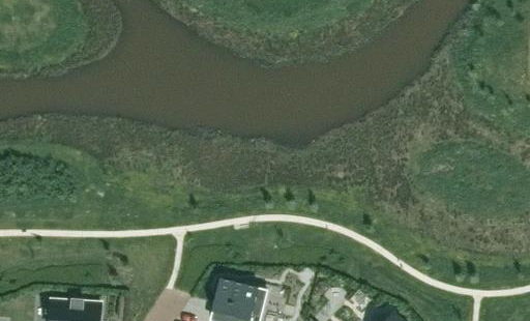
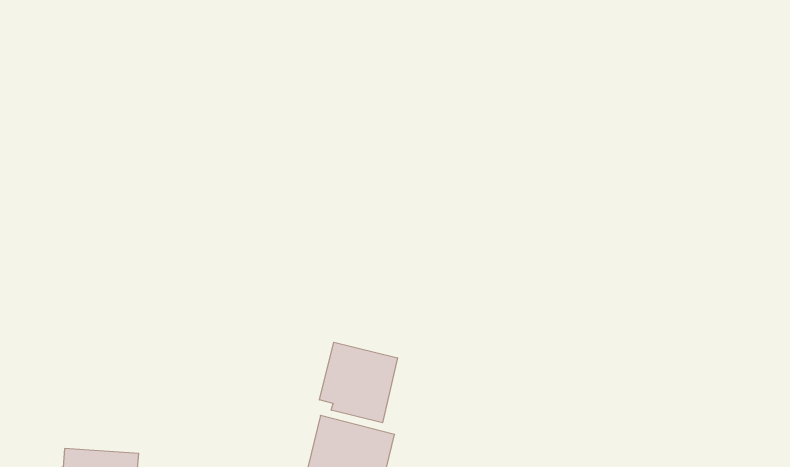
building: none -> [319,342,397,423]

